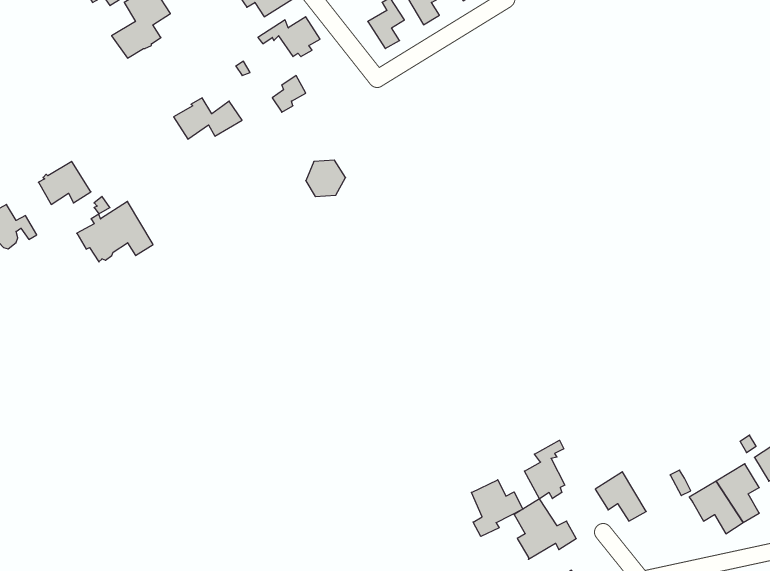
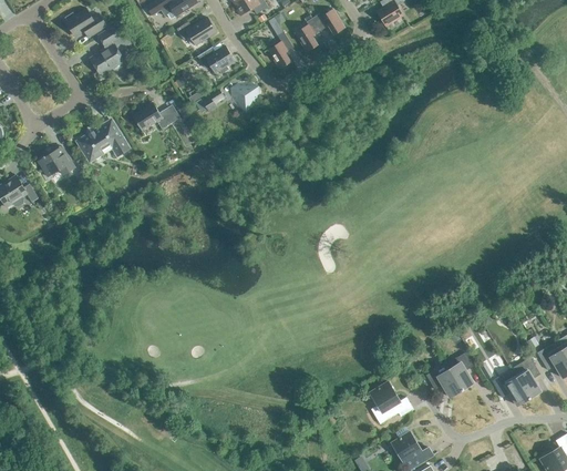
building: [306,160,346,197] -> [231,82,259,107]
building: [77,201,153,262] -> [76,119,130,161]
building: [524,440,565,499] -> none
building: none -> [445,352,473,390]
building: [471,480,523,536] -> none

